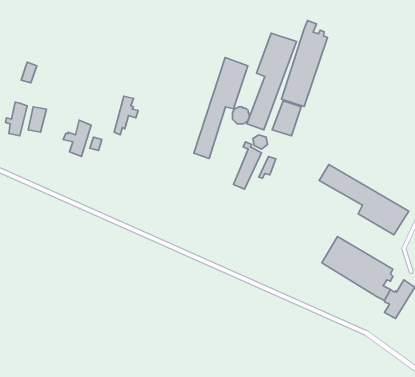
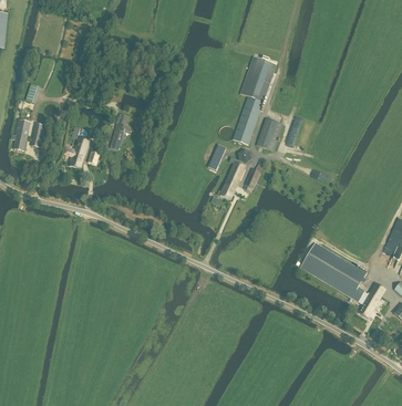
building: [282,20,327,107] -> none
building: [194,57,248,158] -> none
building: [319,164,409,235] -> none

